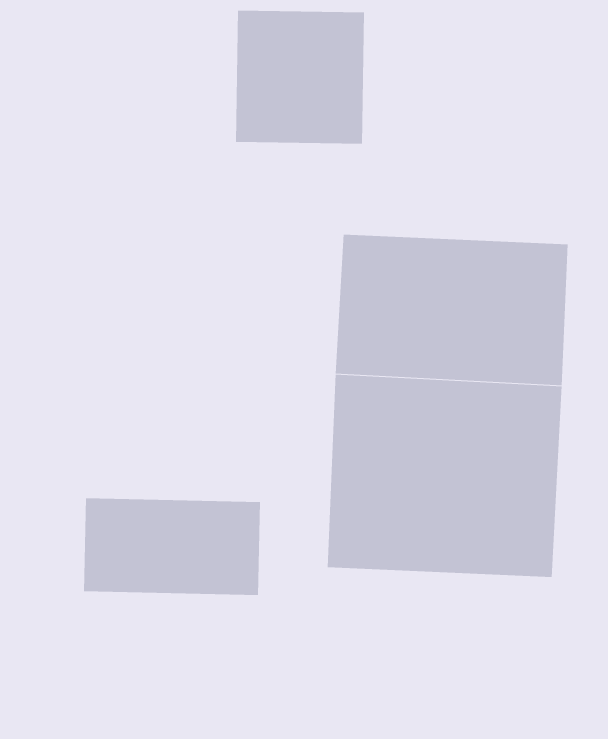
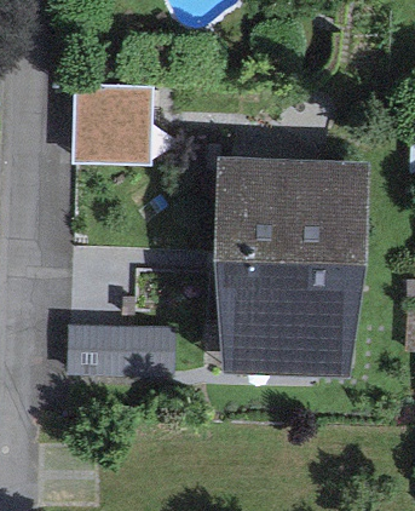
building: [235,10,365,144] -> [73,86,151,167]

